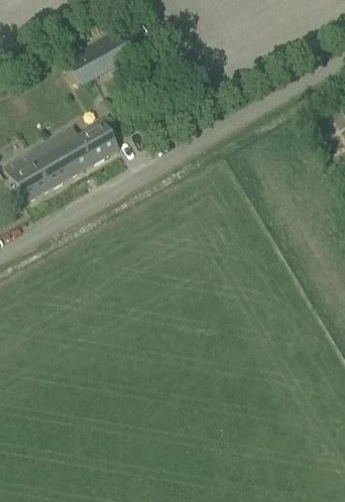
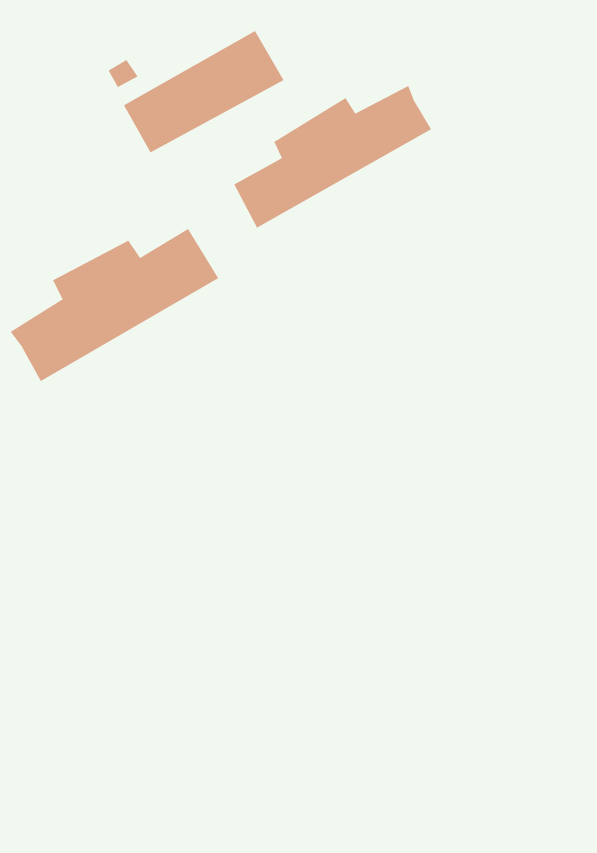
building: none -> [233,85,432,229]

